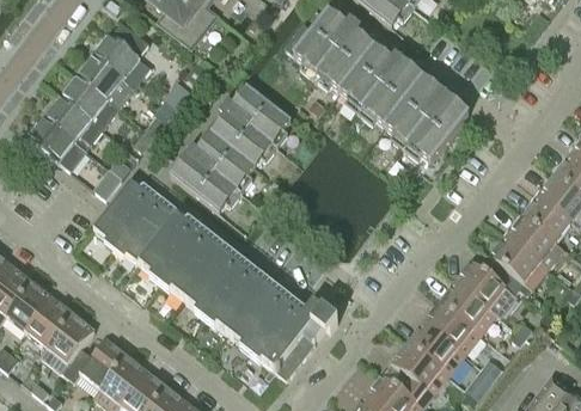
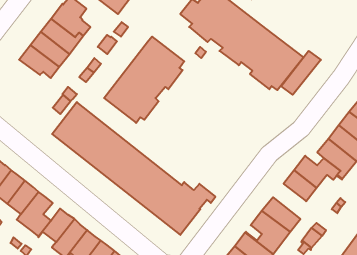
building: none -> [281,51,321,95]
building: [30,116,86,170] -> none
building: [424,301,481,354] -> none

